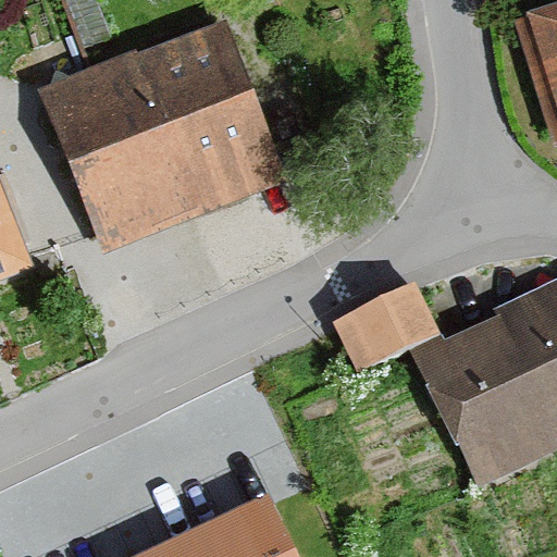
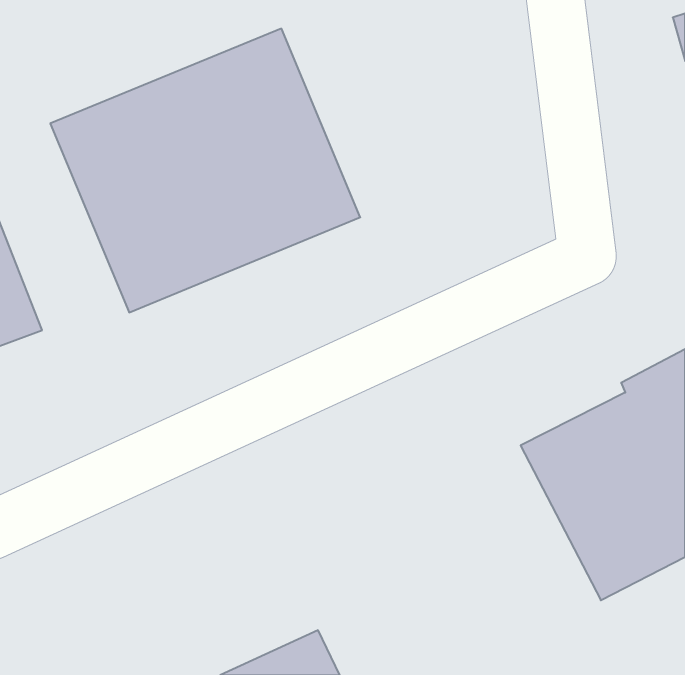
building: [334,285,438,374] -> none

